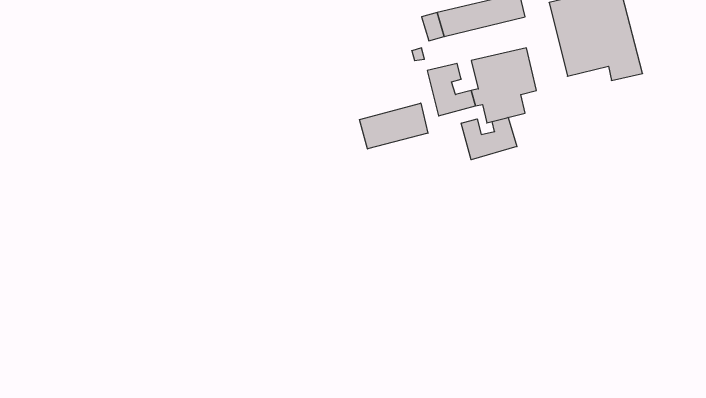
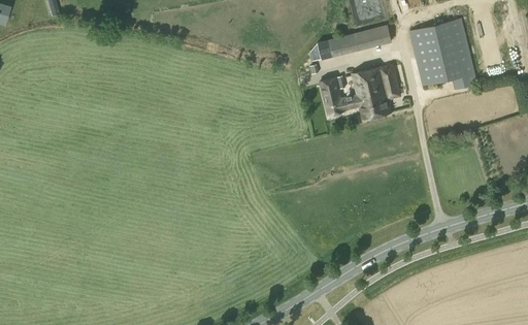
building: [360,103,428,149] -> none
building: [461,117,517,160] -> none

